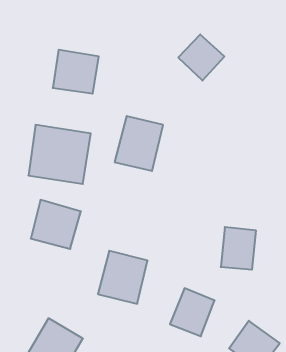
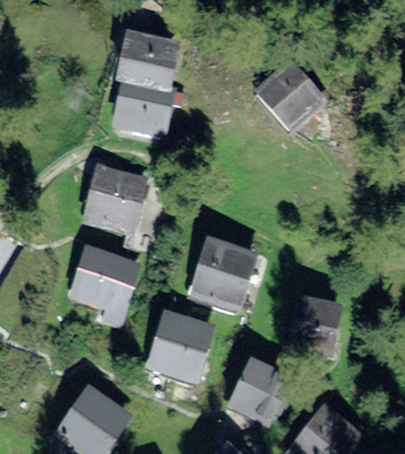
building: none -> [123,34,179,89]
building: [115,116,163,171] -> [193,243,252,309]

